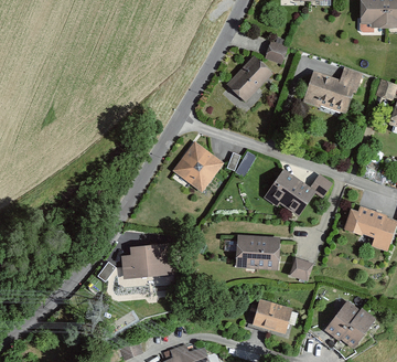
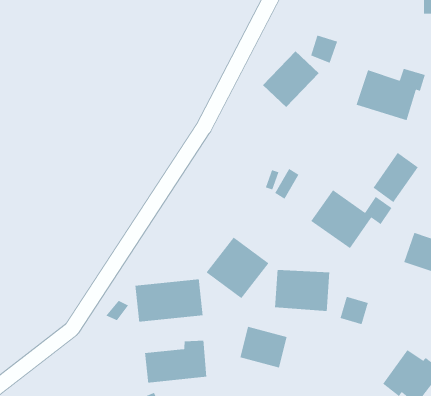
building: none -> [372,152,419,203]
building: [171,141,224,193] -> [206,237,269,299]
building: none -> [144,340,207,383]
building: [253,299,292,334] -> [239,326,287,369]

